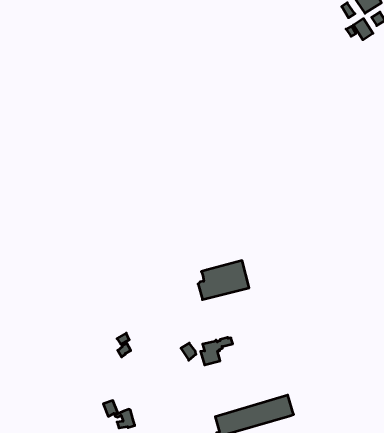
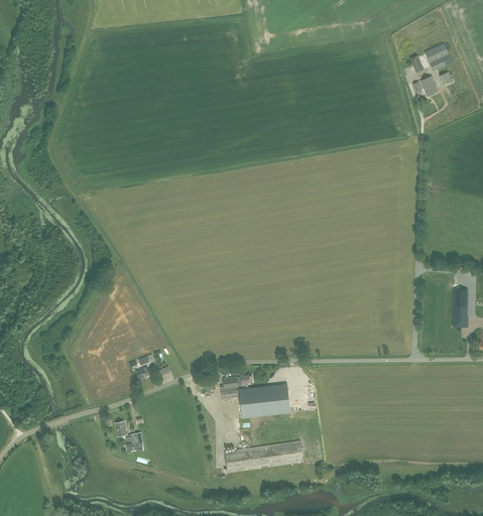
building: [198,261,249,300] -> [239,383,289,416]

